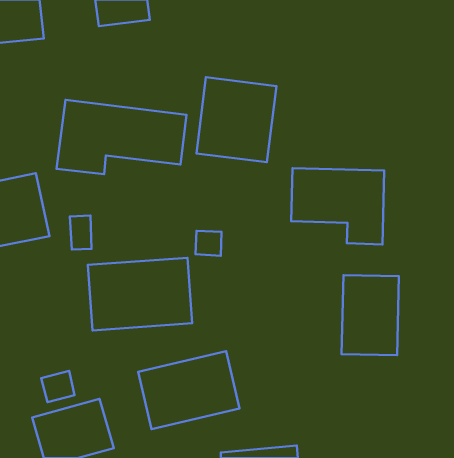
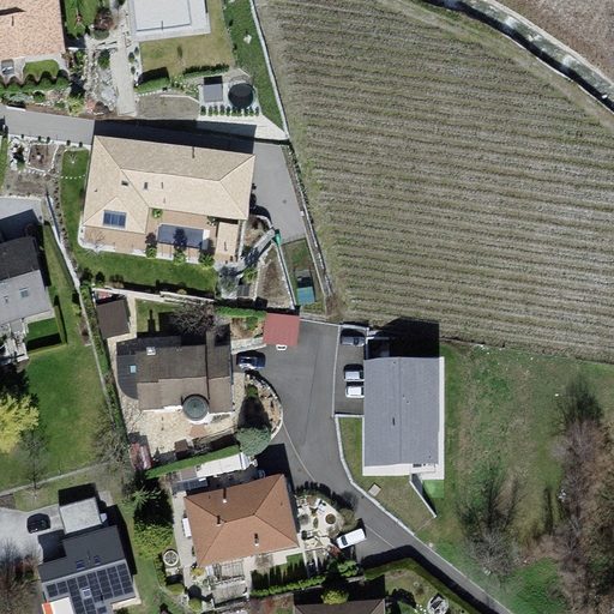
building: [196,77,276,162] -> none
building: [291,168,384,245] -> none
building: [342,275,399,355] -> [357,357,434,464]

